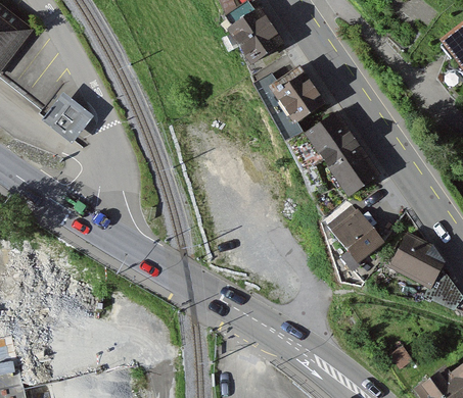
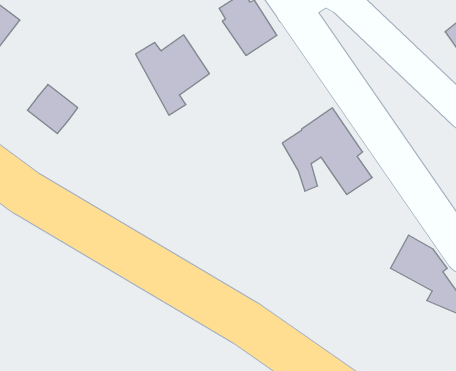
building: [253,66,324,143] -> [136,35,209,115]
building: [327,206,382,263] -> none

